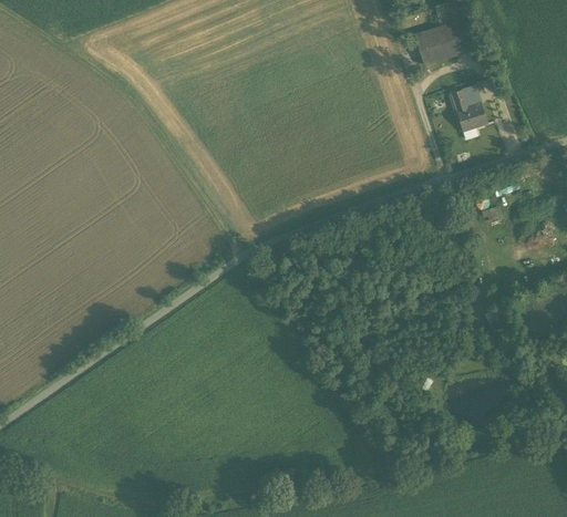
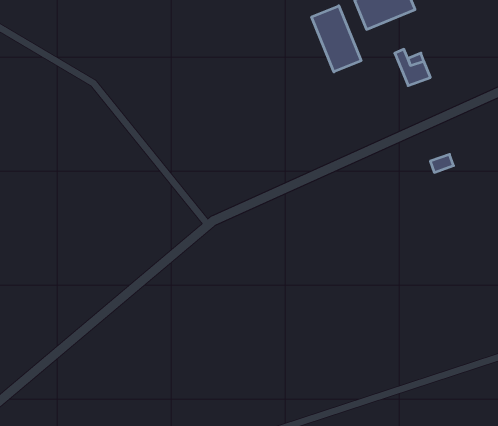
building: none -> [312,6,361,72]

